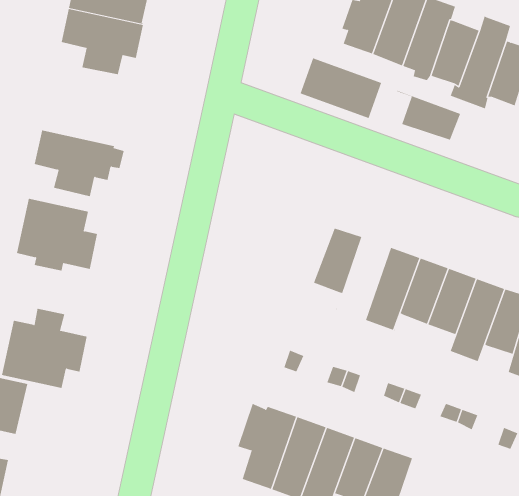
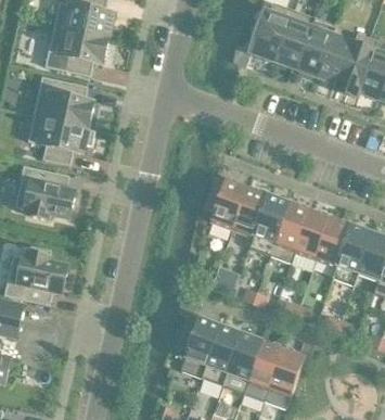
building: [300,58,382,119] -> none
building: none -> [34,77,93,128]
building: [397,90,461,140] -> none
building: none -> [203,178,247,228]
building: none -> [249,194,288,255]

